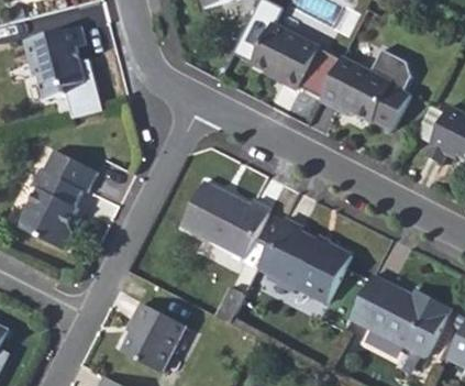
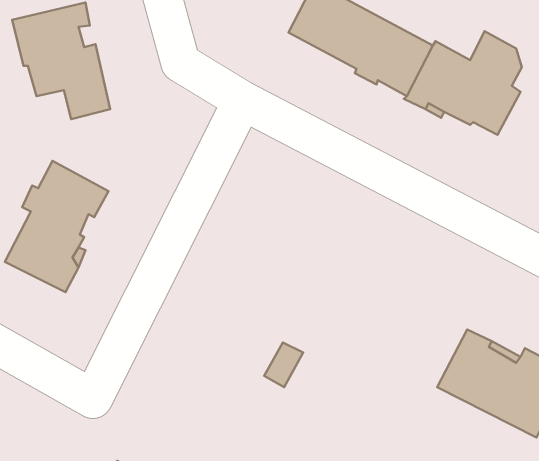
building: [181,181,269,257] -> none
building: [257,218,352,304] -> none
building: [122,300,186,370] -> none

